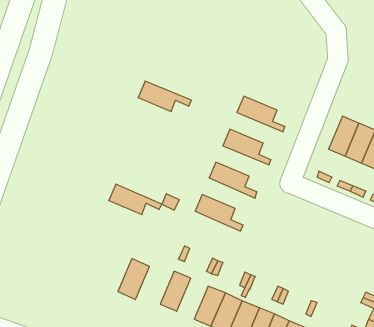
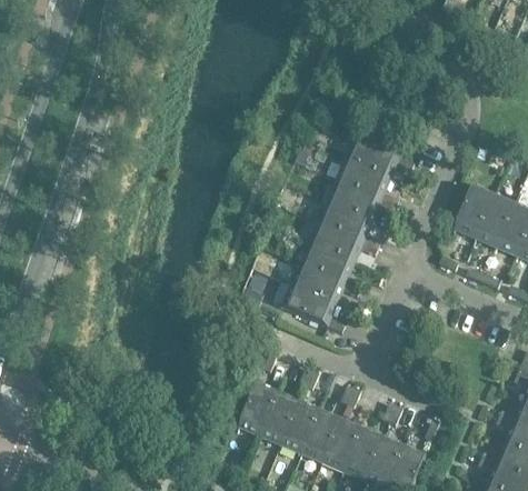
building: none -> [346,138,414,178]
building: [138,81,191,112] -> [328,181,396,220]
building: none -> [310,223,378,262]
building: [109,184,162,215] -> [292,264,360,303]
building: [118,259,149,299] -> [260,392,300,444]

